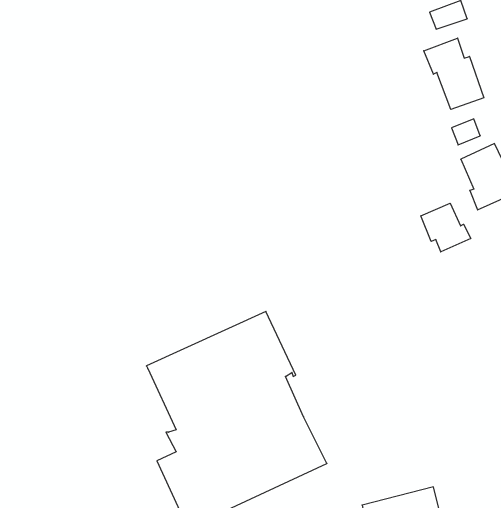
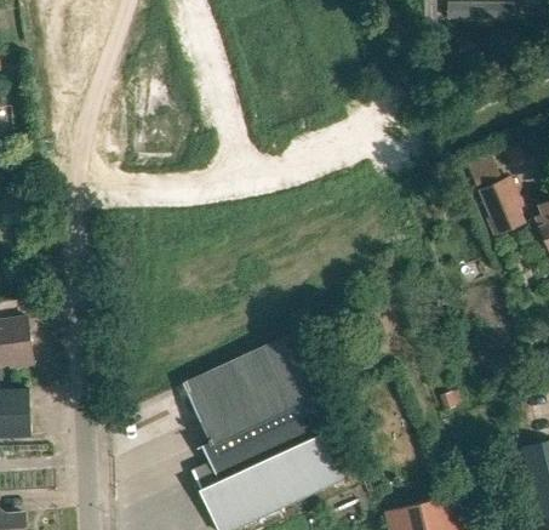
building: [424,38,484,109] -> none
building: [421,203,471,252] -> none

